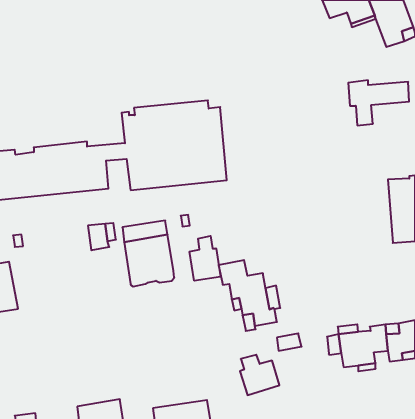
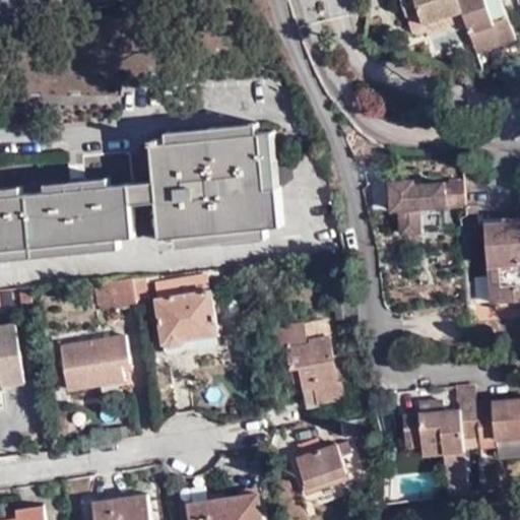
building: [348,80,409,125] -> [388,181,463,237]
building: [190,236,220,281] -> none
building: none -> [60,337,128,391]

